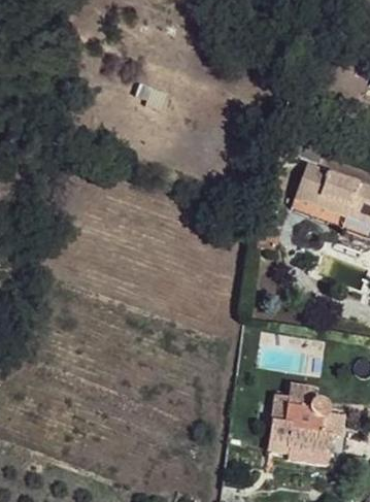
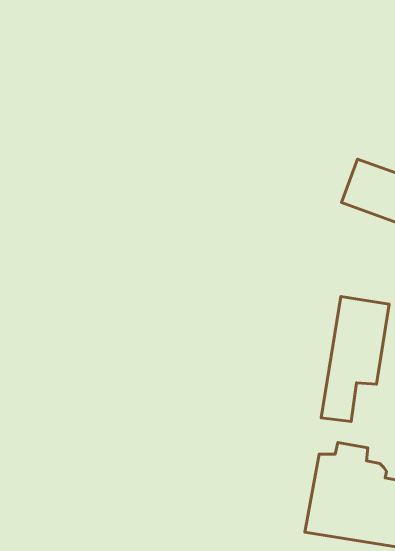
building: none -> [321,297,389,421]

